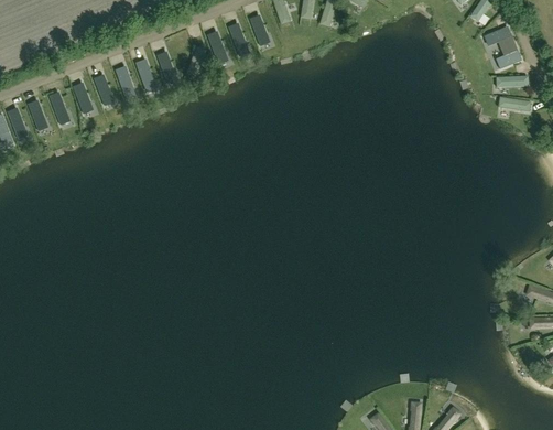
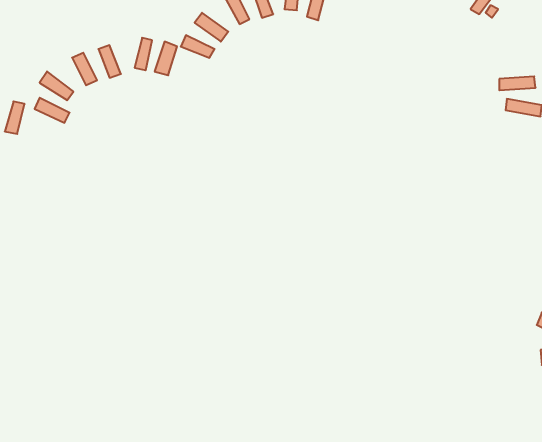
building: [481,29,518,69] -> none

